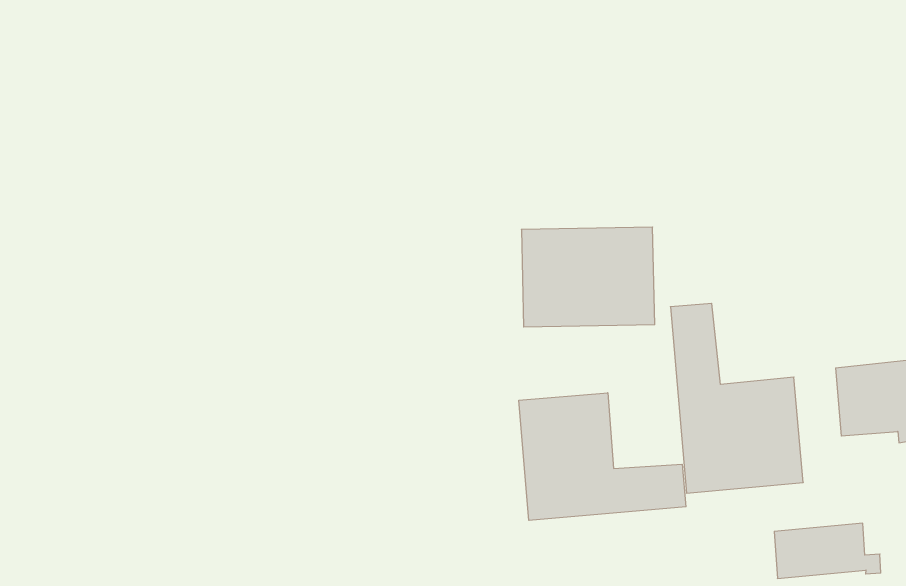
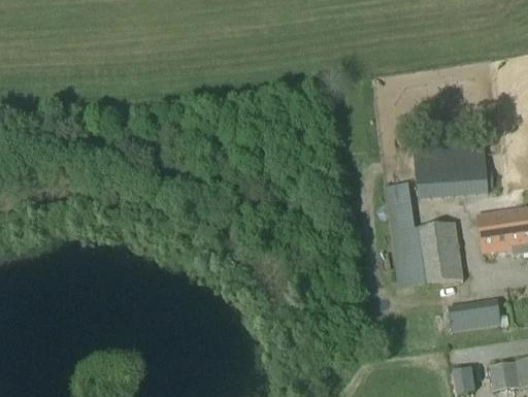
building: [521,227,655,327] -> [412,140,489,199]
building: [519,393,686,520] -> none

